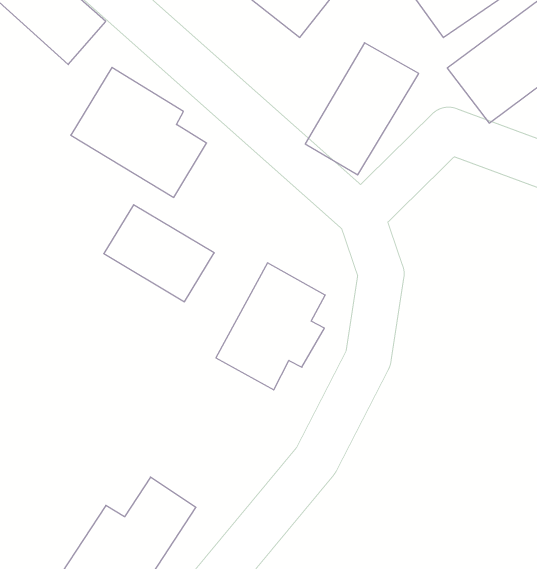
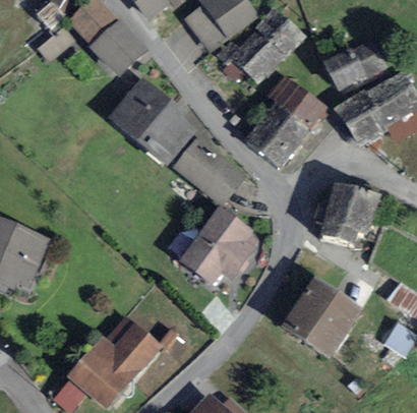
building: none -> [325,188,376,242]
building: [104,205,214,302] -> [177,140,242,201]
building: none -> [287,281,359,355]

